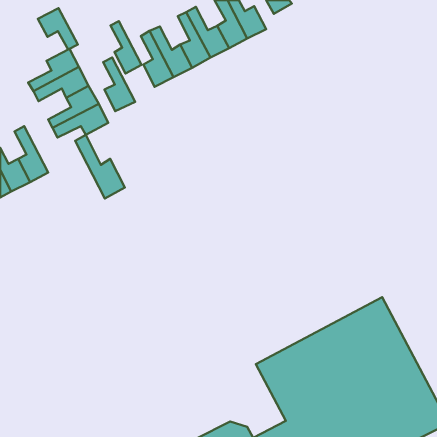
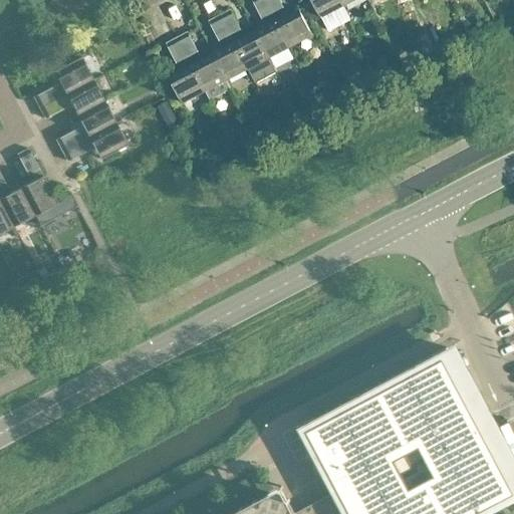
building: [38,8,78,50] -> none
building: [111,21,141,74] -> none
building: [103,57,135,111] -> none
building: [75,135,125,198] -> none

